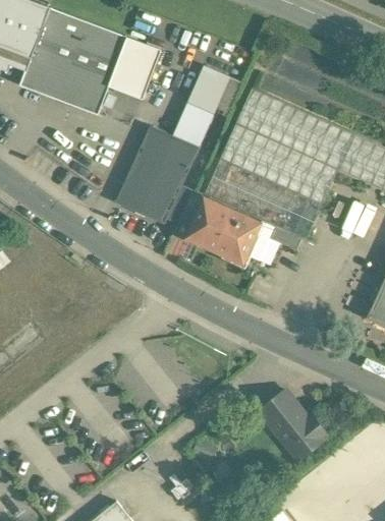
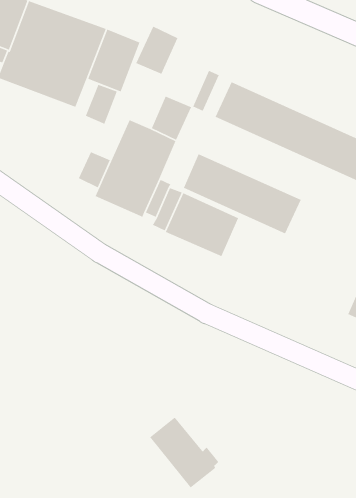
building: [186,65,229,114] -> [135,25,178,75]
building: none -> [85,84,118,125]
building: [219,124,337,206] -> none
building: none -> [78,151,111,188]
building: [259,390,328,461] -> [149,417,219,489]

